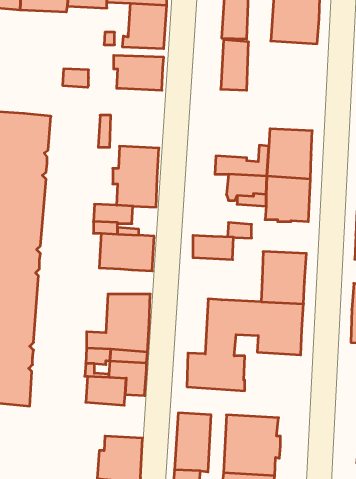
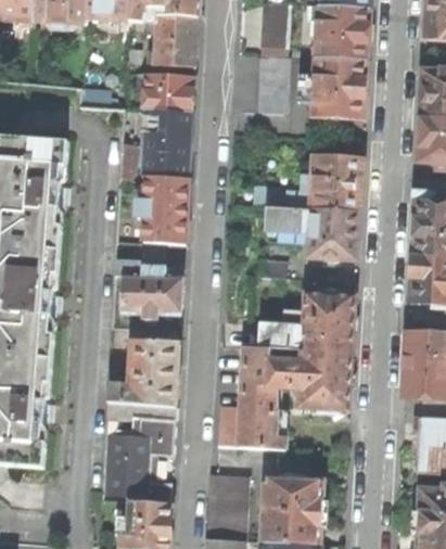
building: none -> [310,56,366,118]
building: none -> [141,110,191,177]
building: [193,235,233,260] -> [258,322,304,349]
building: none -> [103,462,170,502]

